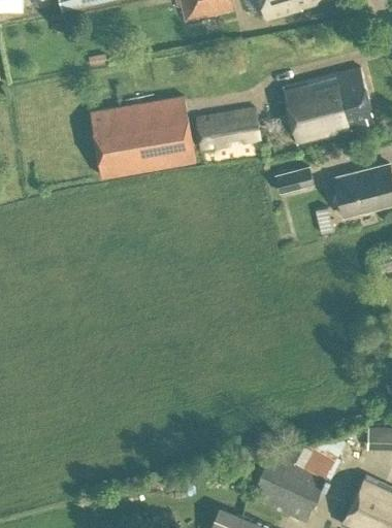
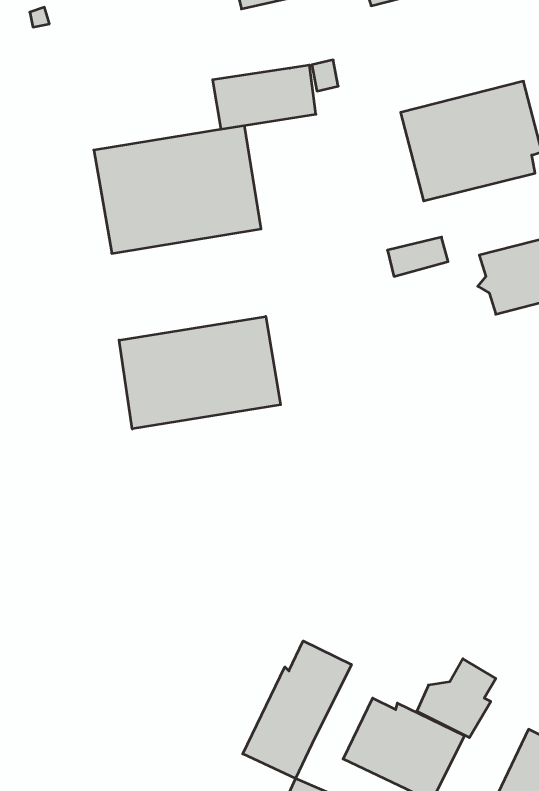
building: [196,109,261,150] -> [213,65,316,129]
building: none -> [119,316,281,429]
building: none -> [243,641,351,779]

